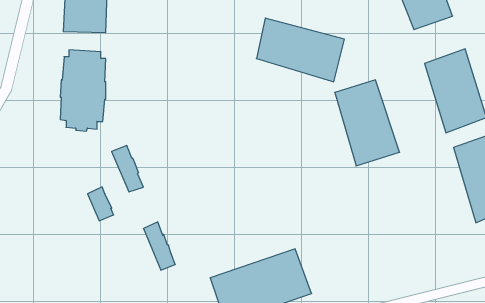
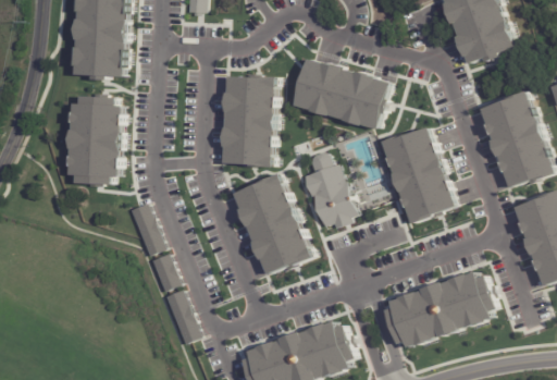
building: none -> [223,73,275,161]
building: none -> [297,149,350,224]
building: none -> [235,173,311,270]
building: [88,187,114,221] -> [149,252,178,290]
building: none -> [386,269,493,346]

